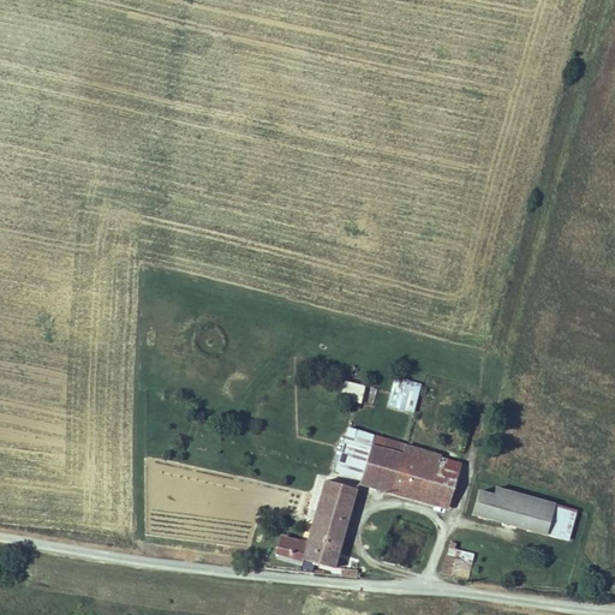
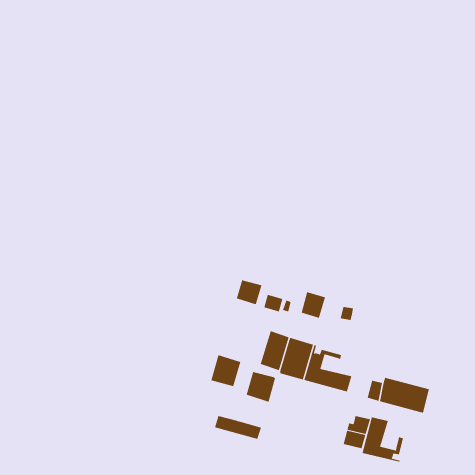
building: none -> [236,280,262,305]
building: [416,458,461,485] -> none
building: [548,503,578,538] -> none
building: [309,509,348,551] -> [211,354,241,387]
building: none -> [362,417,404,463]

